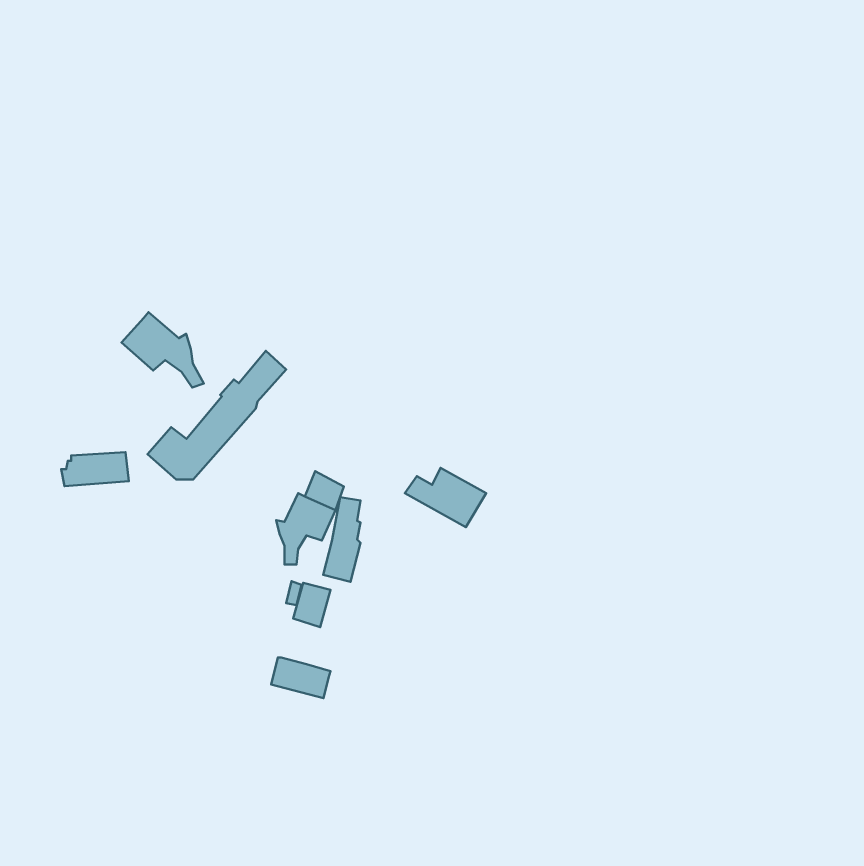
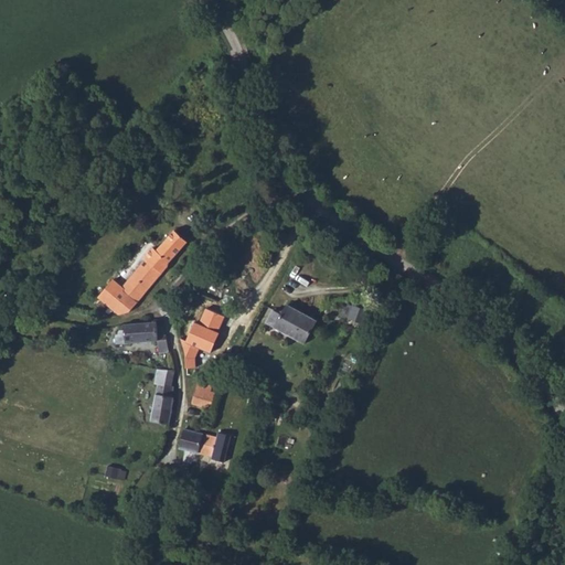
building: [122,312,204,387] -> none
building: [61,452,129,486] -> [114,322,158,344]
building: [323,497,361,582] -> [149,369,173,424]

